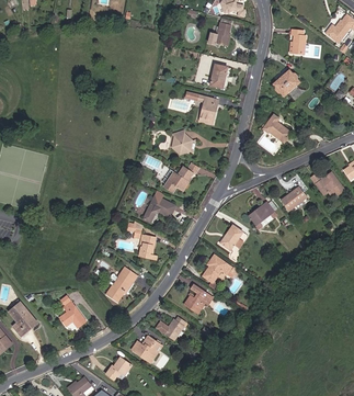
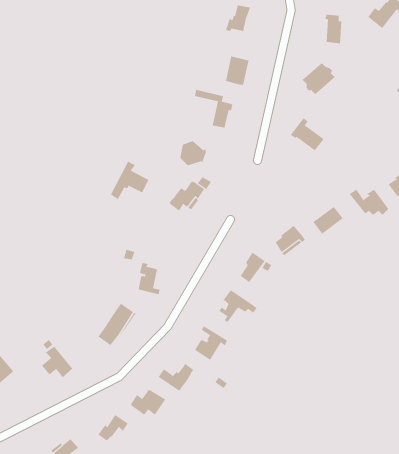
building: [142,191,174,223] -> [110,161,149,200]

